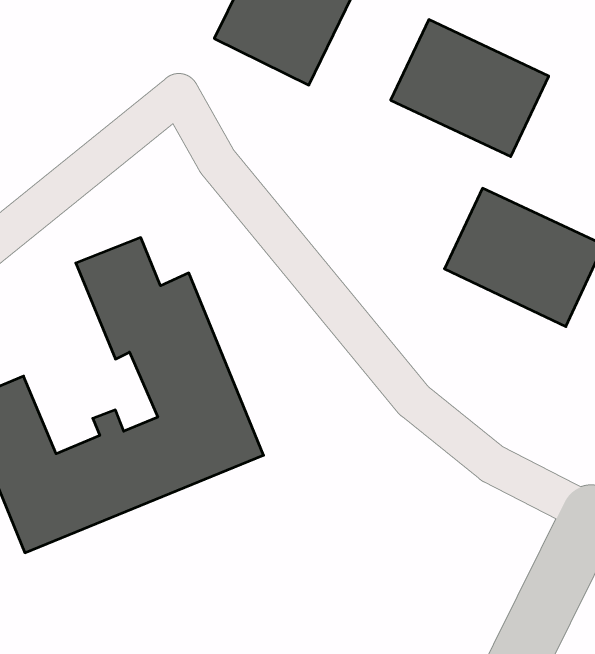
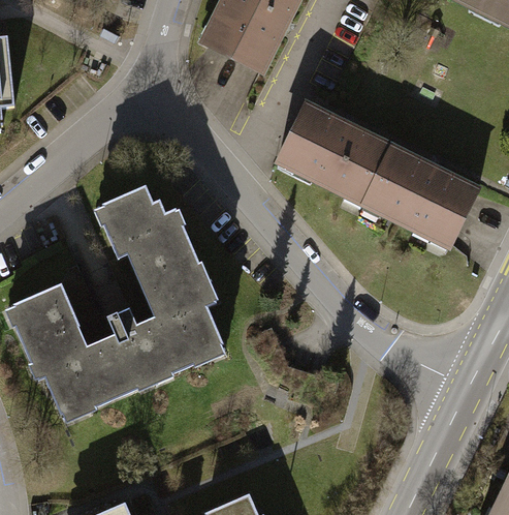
building: [391,20,549,157] -> [277,107,392,207]

